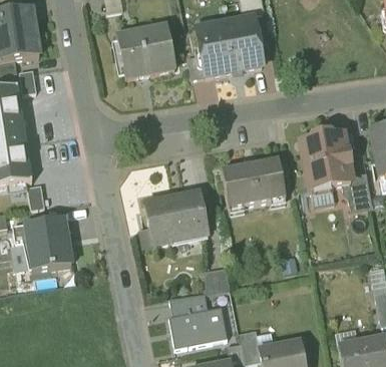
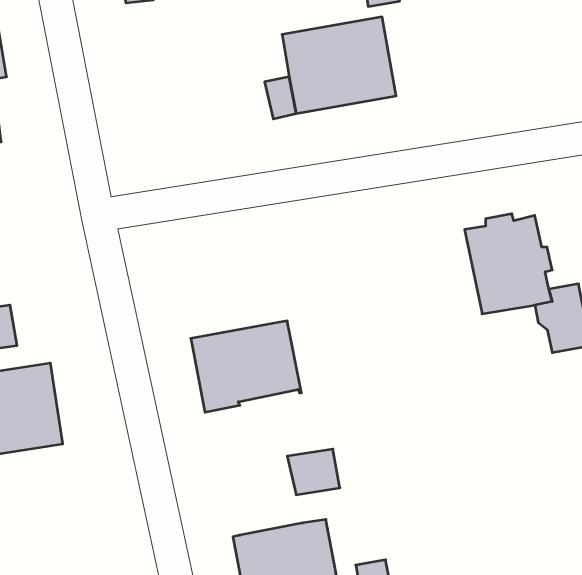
building: [118,25,175,76] -> none
building: [222,157,287,207] -> none
building: [170,293,210,315] -> none

